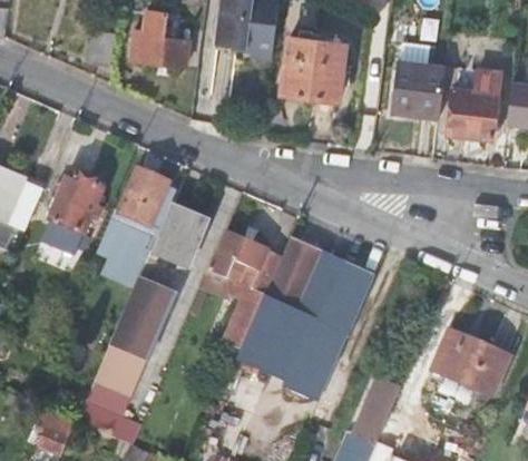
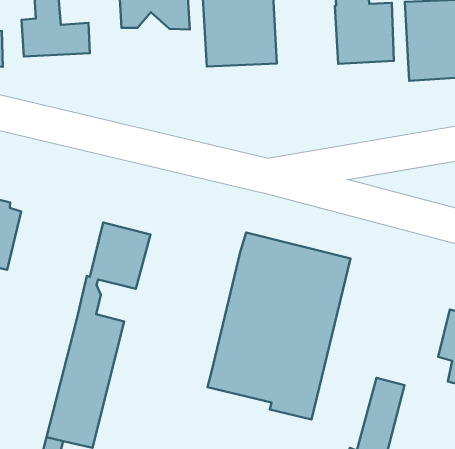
building: [90,169,176,285] -> none
building: [203,229,282,349] -> none

